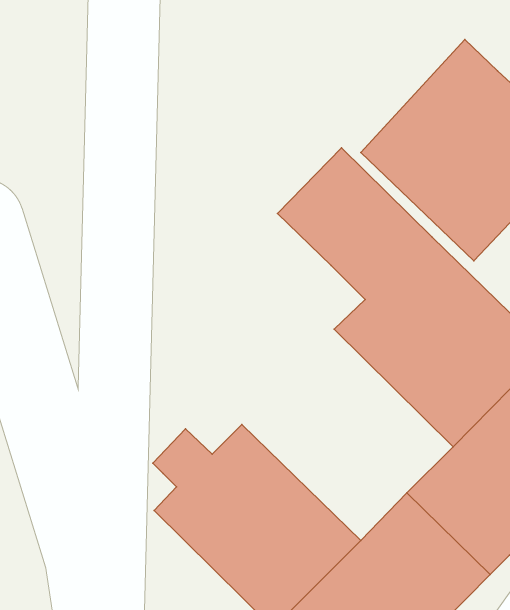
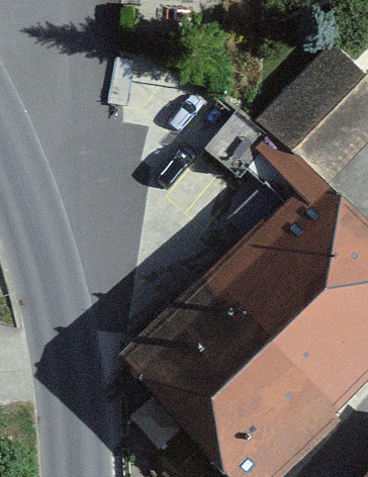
building: none -> [183,236,327,380]

